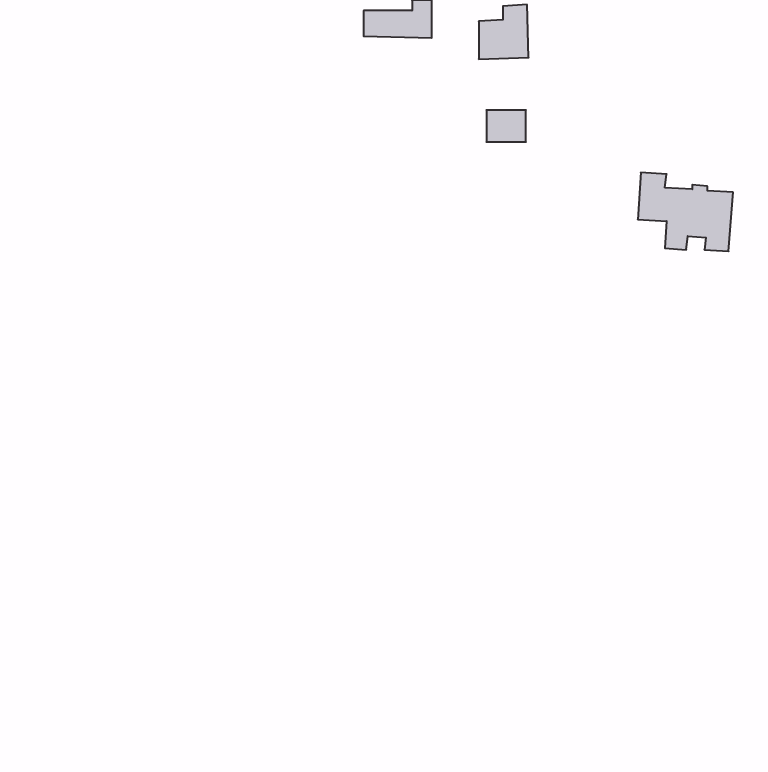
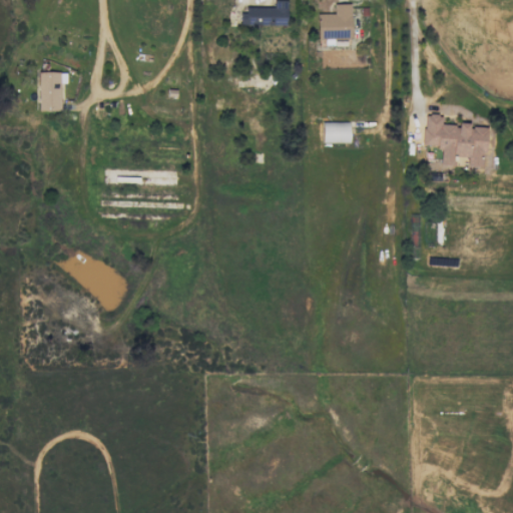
building: [486,110,526,142] -> [326,122,352,143]
building: none -> [41,76,64,111]

